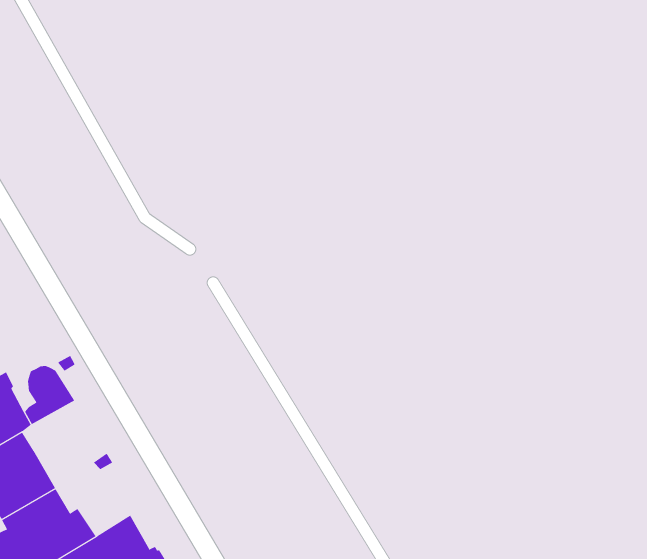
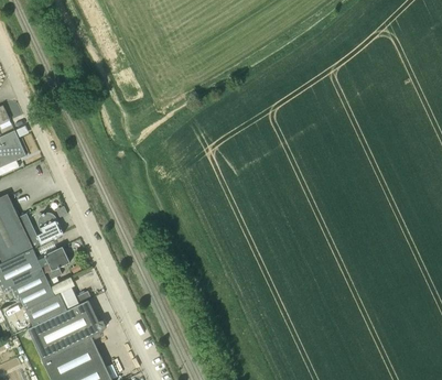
building: none -> [37,247,69,281]

